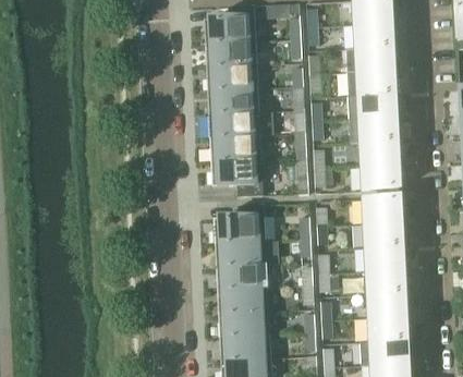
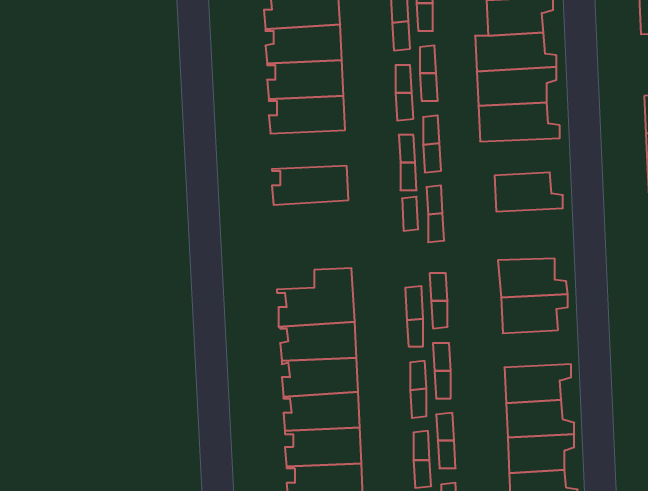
building: [208,111,259,137] -> none
building: [349,117,402,142] -> none
building: [210,158,263,196] -> none
building: [360,163,405,190] -> none
building: [364,245,410,270] -> none

